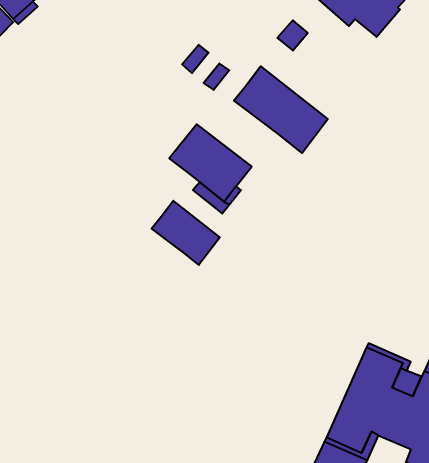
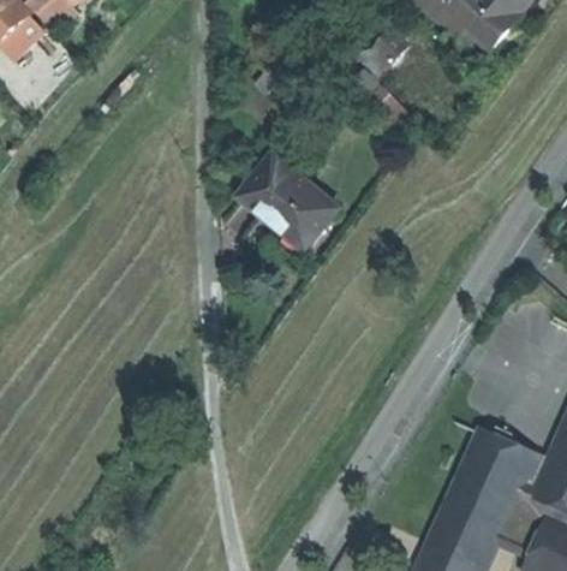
building: [234,66,328,153] -> none
building: [152,201,220,265] -> none

